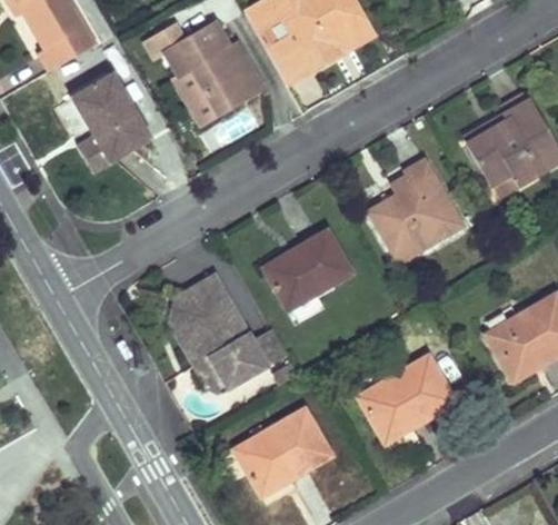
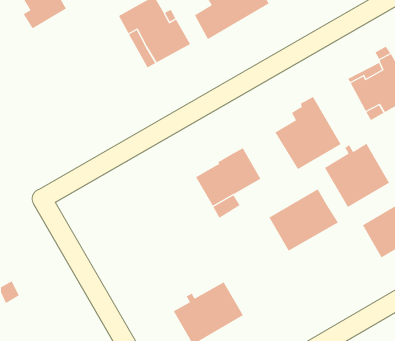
building: [82,75,149,167] -> none
building: none -> [324,143,390,208]
building: [171,275,288,387] -> none
building: [360,356,455,440] -> [268,188,339,251]

